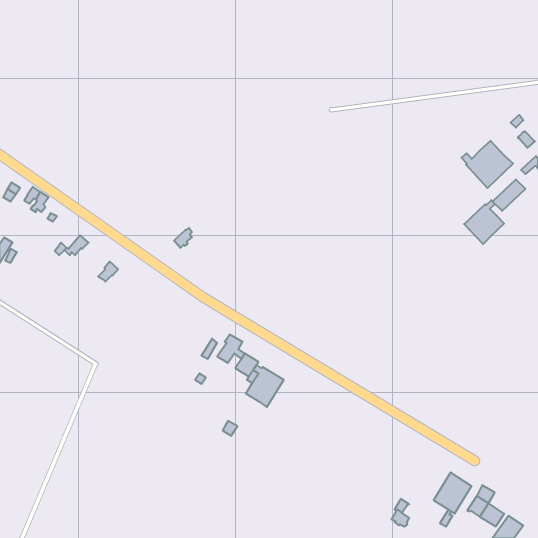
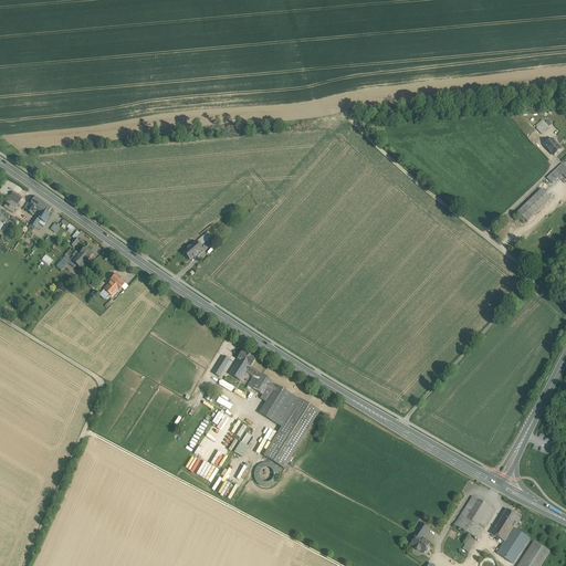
building: [461,141,513,188] -> none
building: [464,200,504,244] -> none
building: none -> [262,398,318,468]

